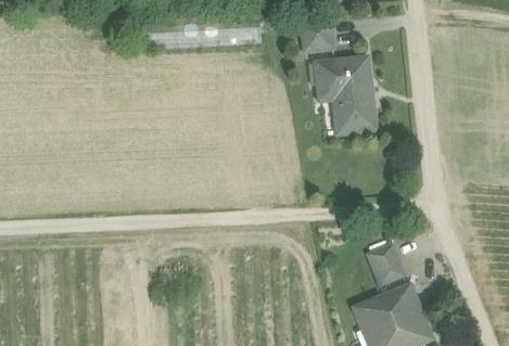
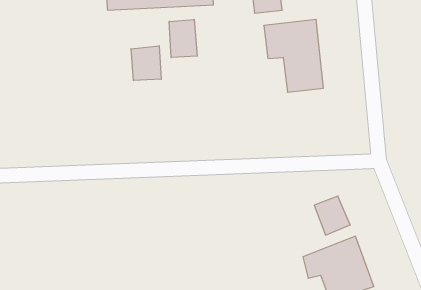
building: none -> [169,19,197,58]
building: none -> [131,46,161,81]

